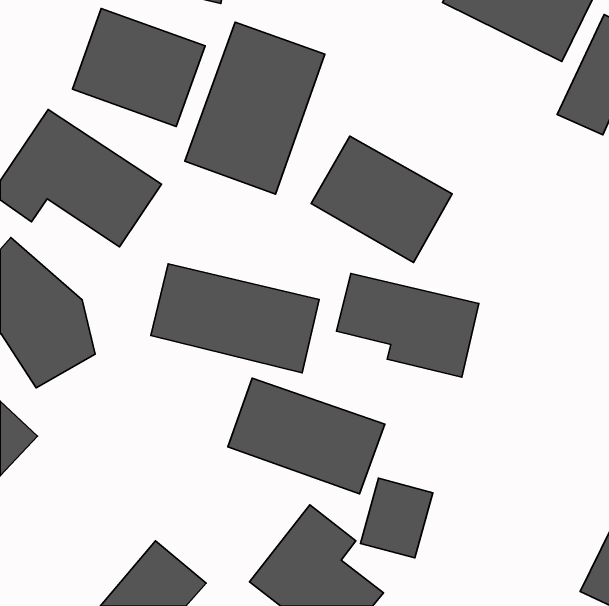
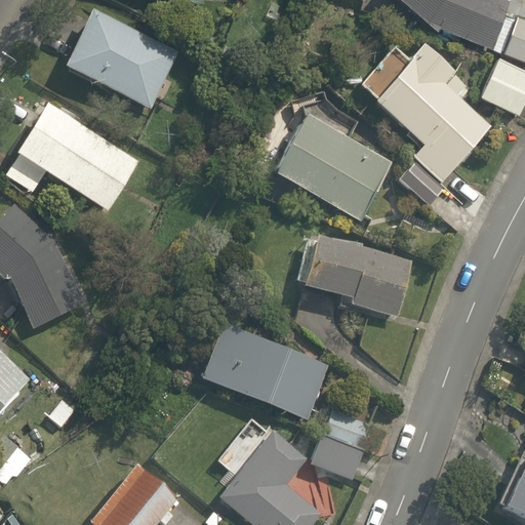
building: [185,22,325,194] -> none
building: none -> [370,53,494,180]
building: [151,264,319,373] -> none

